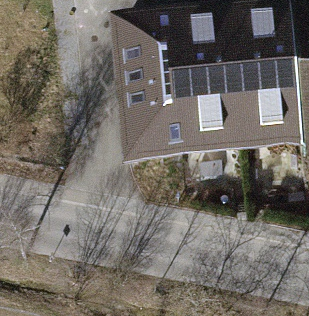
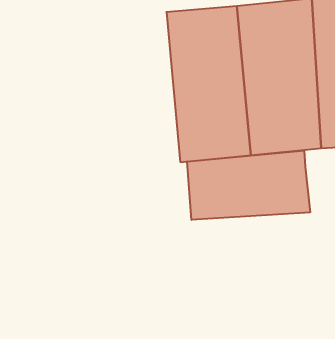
building: [113,22,174,156] -> none
building: none -> [187,151,310,220]

